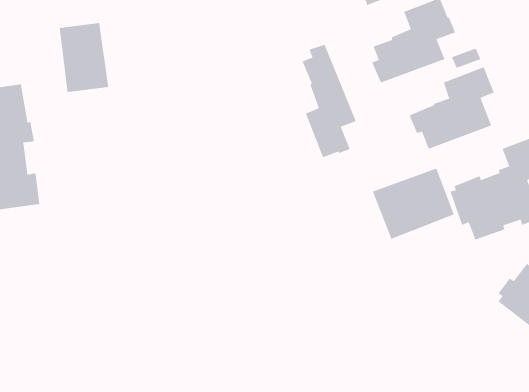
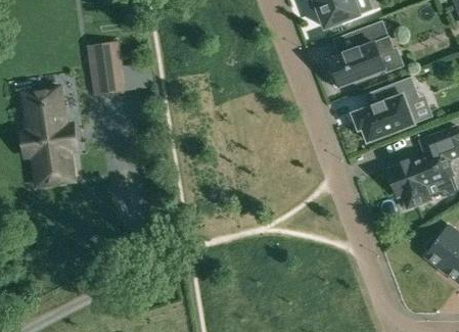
building: [301,44,357,158] -> none
building: [372,167,455,240] -> none

